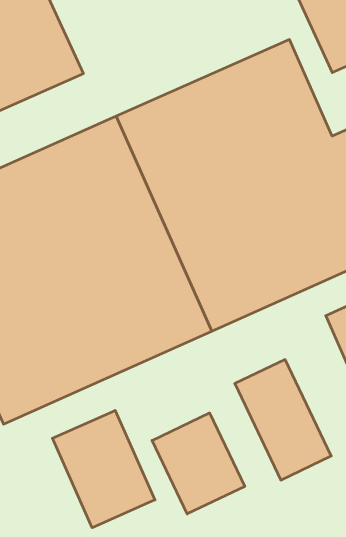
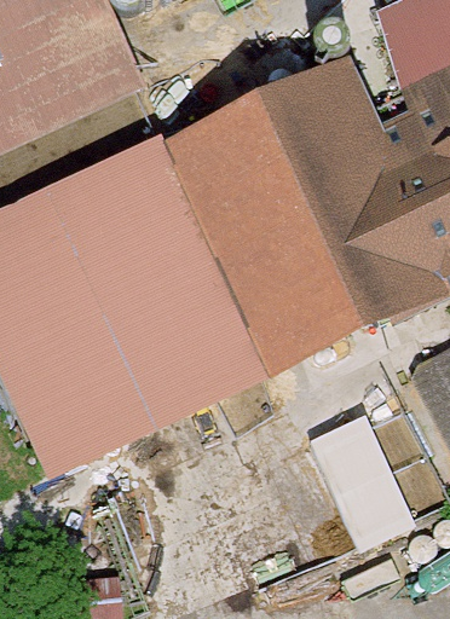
building: [52,410,155,528] -> none
building: [152,413,245,514] -> none

